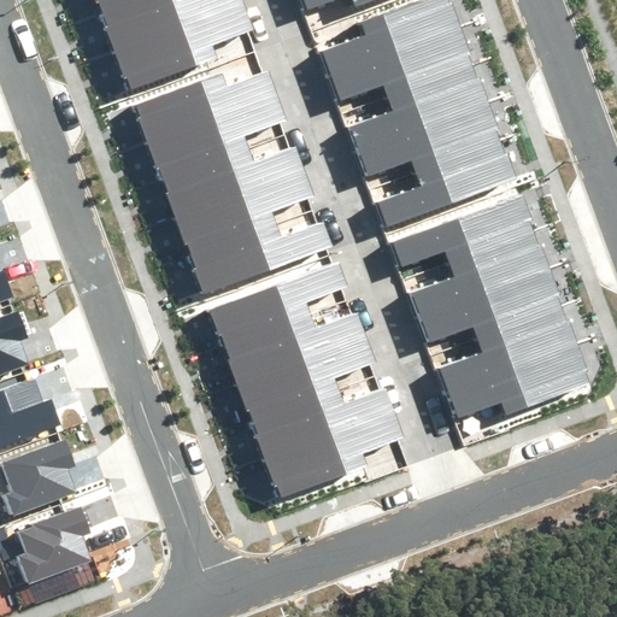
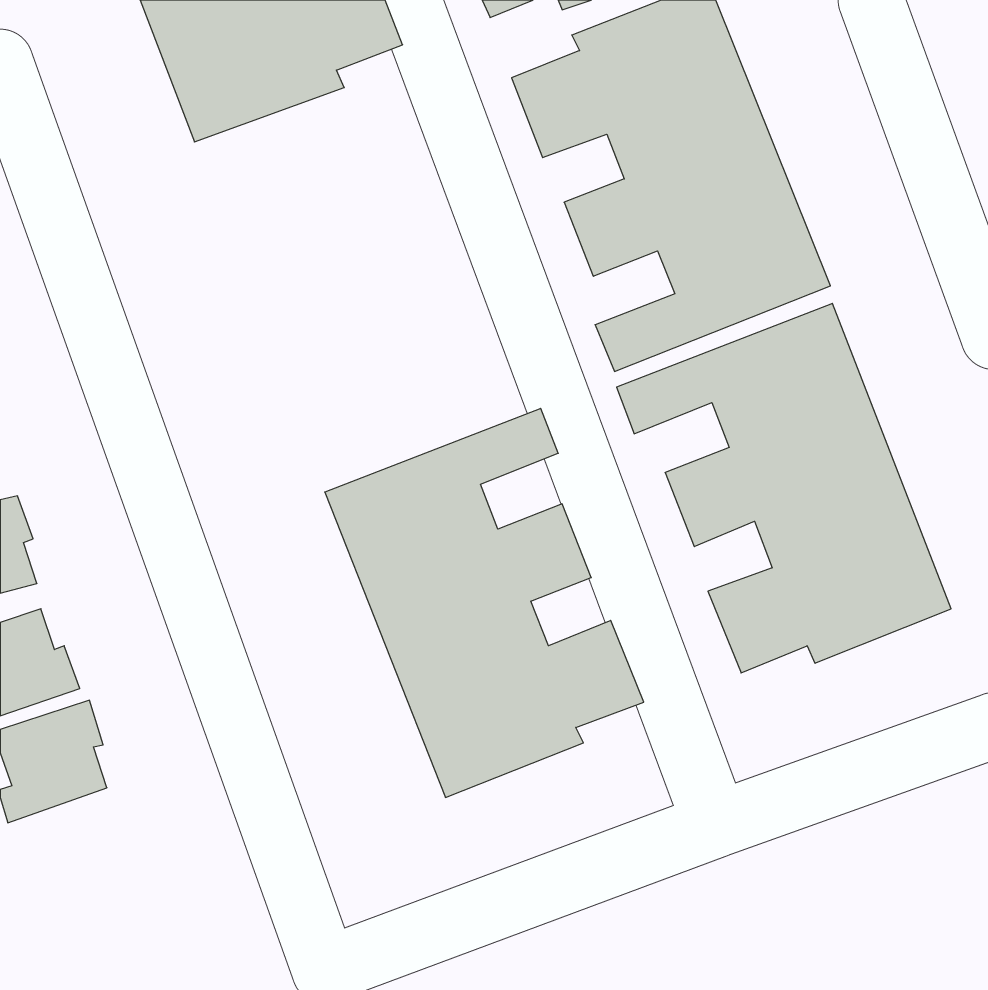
building: [129,67,336,295] -> none
building: [18,504,88,580] -> none

